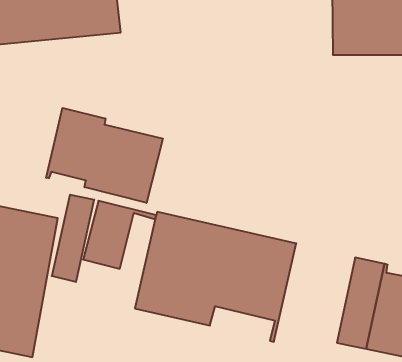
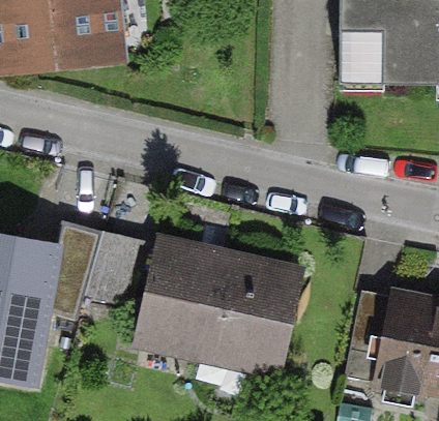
building: [46,108,163,203] -> none

